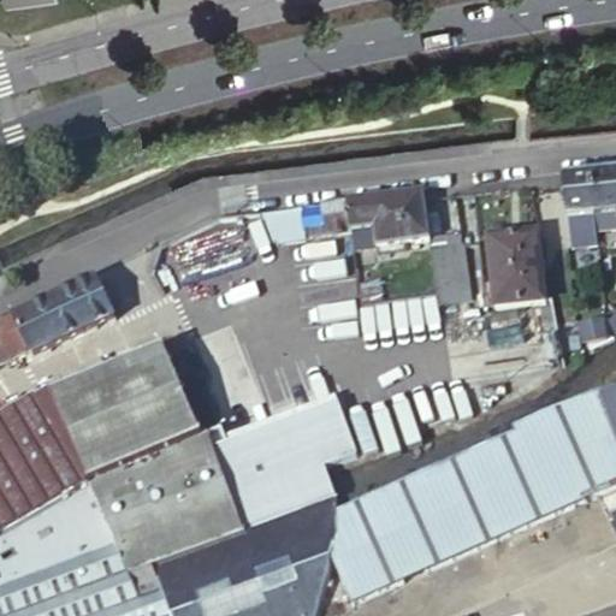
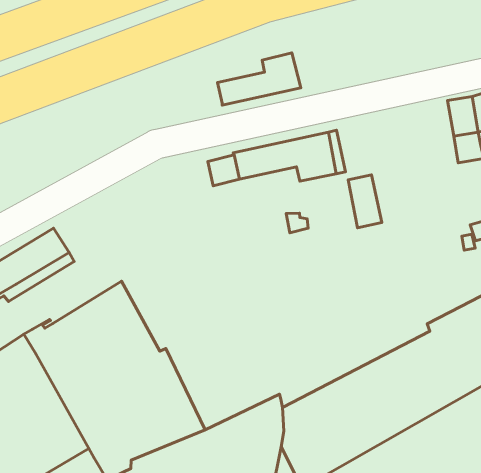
building: none -> [218,53,301,105]
building: [486,230,544,307] -> none
building: [206,393,354,523] -> none

